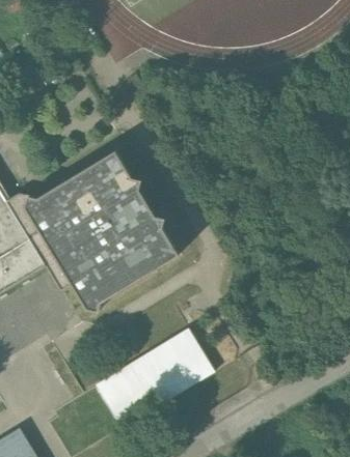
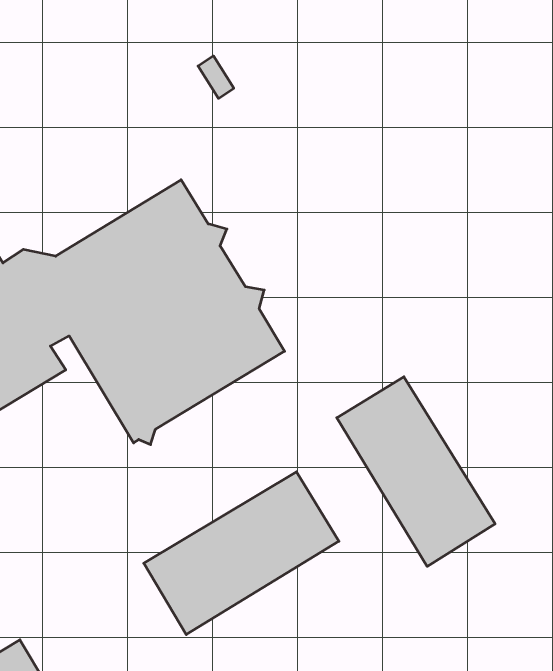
building: none -> [337,377,495,566]

